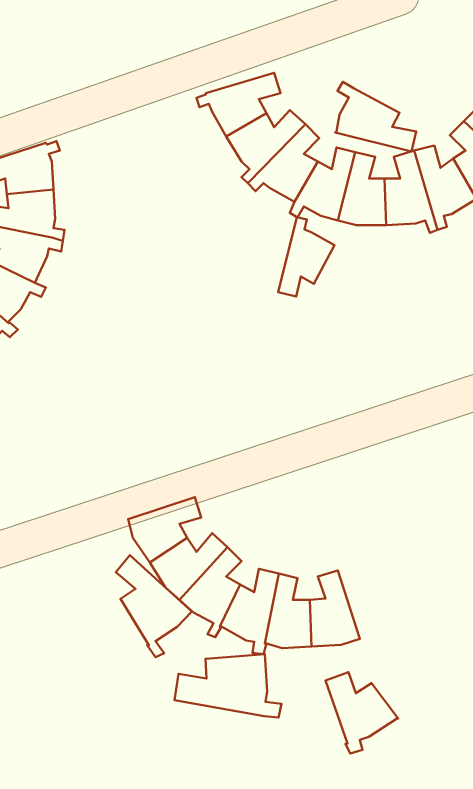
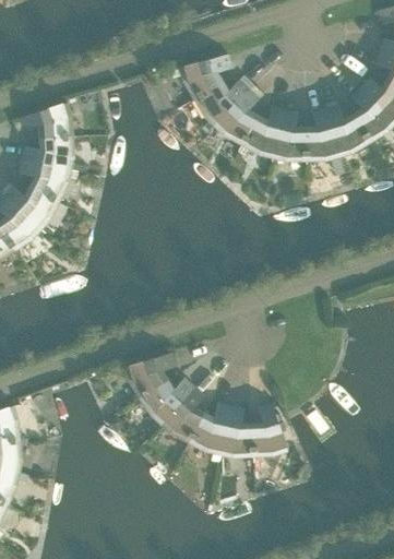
building: [335,82,416,151] -> none
building: [278,217,334,297] -> none
building: [116,555,192,657] -> none
building: [175,654,282,718] -> none
building: [326,672,398,753] -> none

